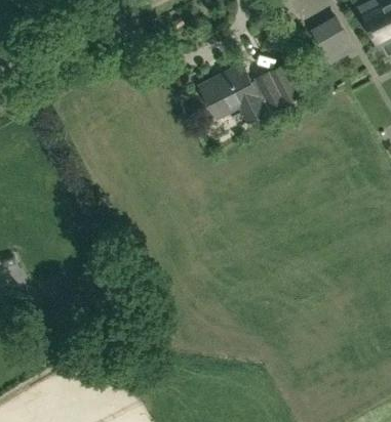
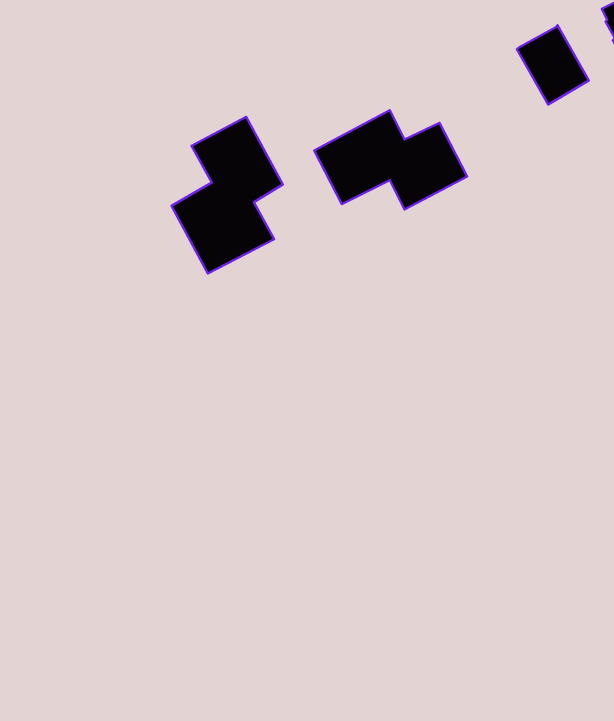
building: none -> [171,117,283,274]

